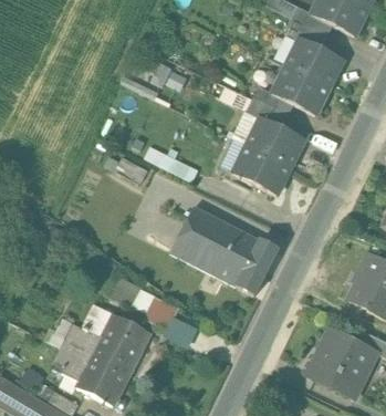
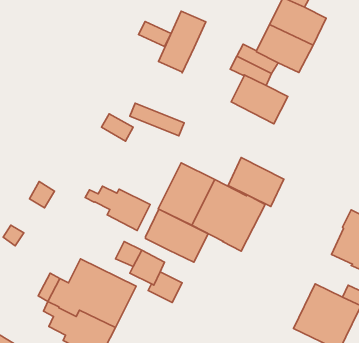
building: none -> [159,11,206,73]
building: [233,145,290,195] -> [228,157,284,206]
building: none -> [85,186,150,231]
building: none -> [145,209,208,262]

